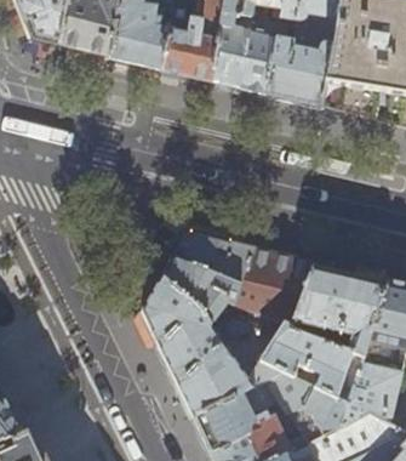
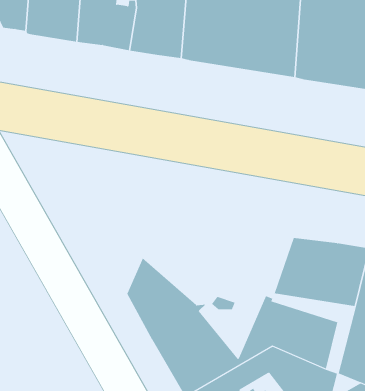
building: [161,230,315,326] -> none

